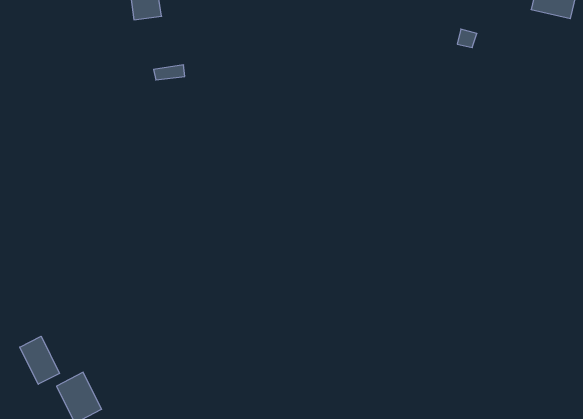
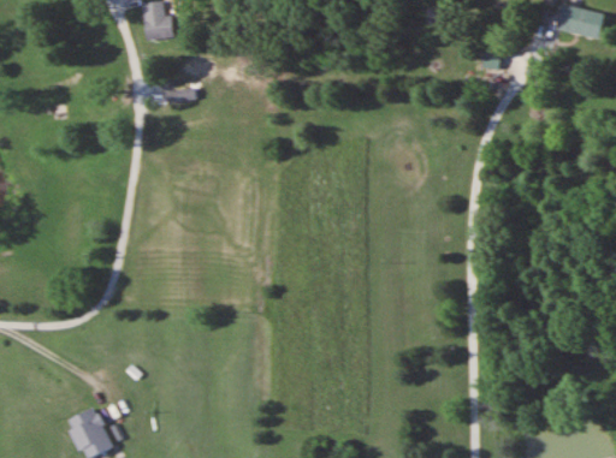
building: [20,336,60,384] -> none

